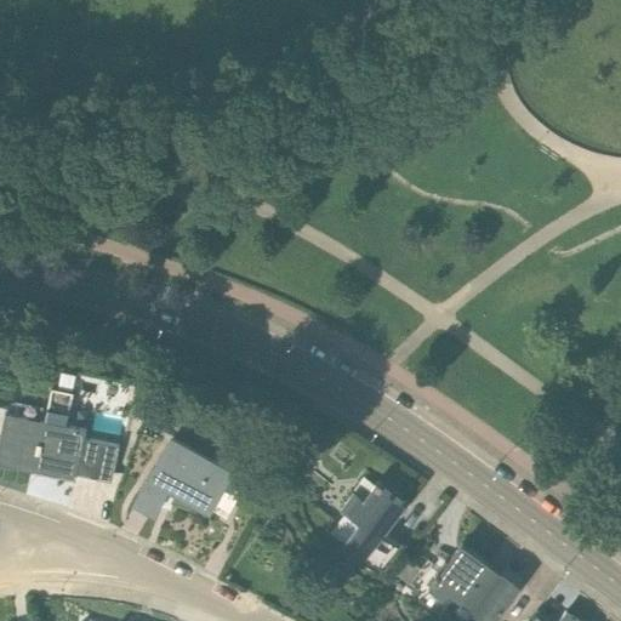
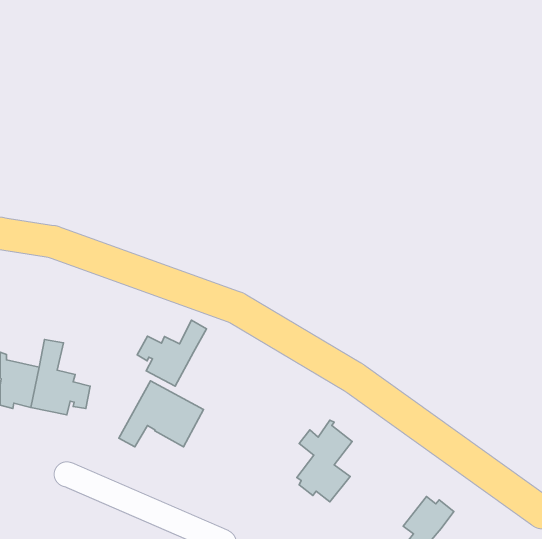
building: none -> [137,320,206,386]
building: [428,546,488,605] -> none

